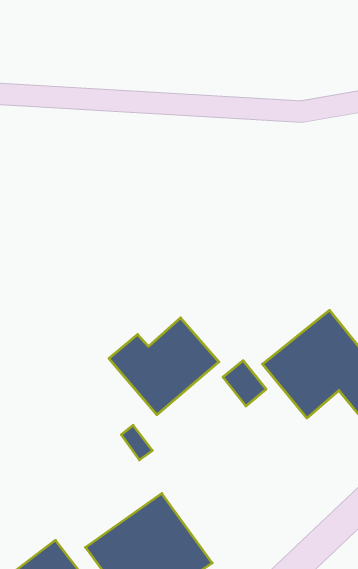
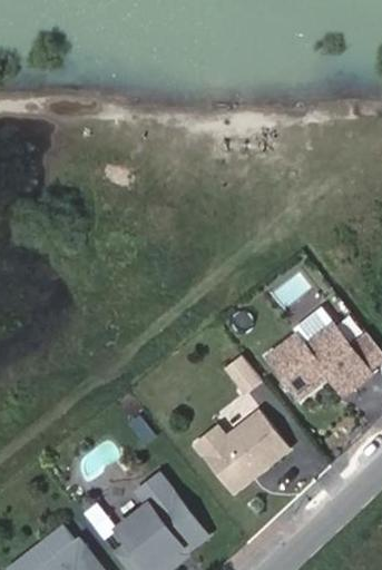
building: [109,318,219,415] -> [189,406,292,497]

